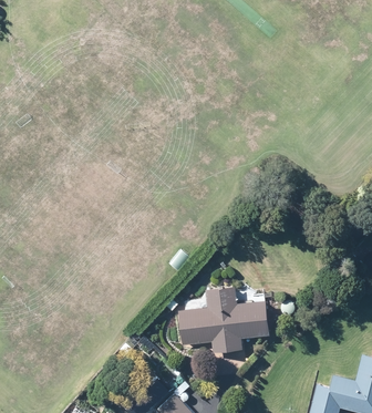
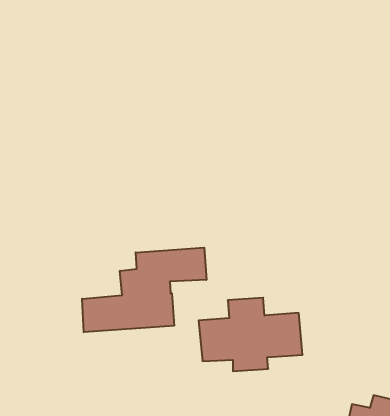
building: none -> [82,248,206,332]

